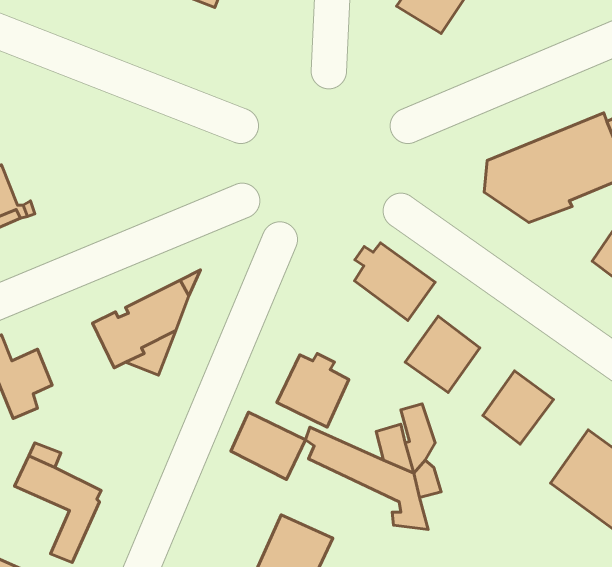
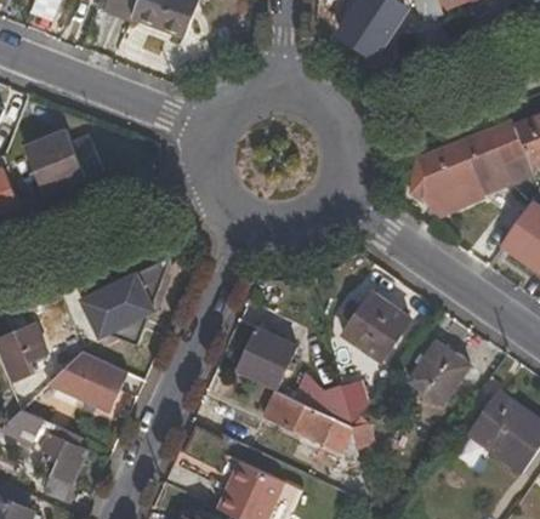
building: none -> [22,129,101,194]
building: [354,243,435,321] -> none
building: none -> [47,349,126,411]
building: [231,412,306,480] -> none

